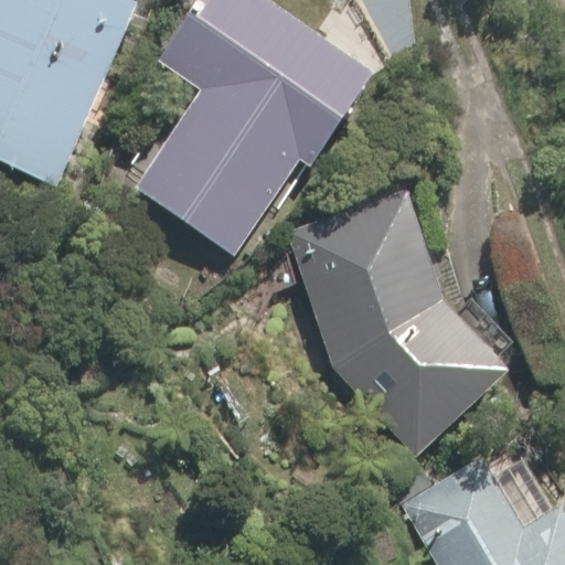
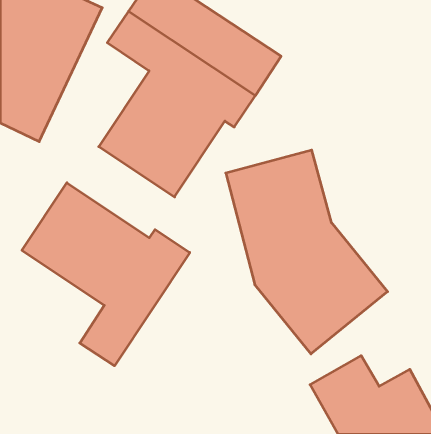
building: none -> [22,183,190,366]

